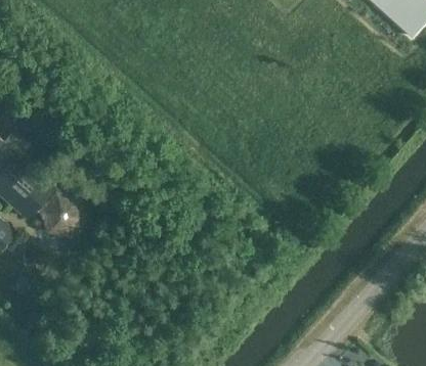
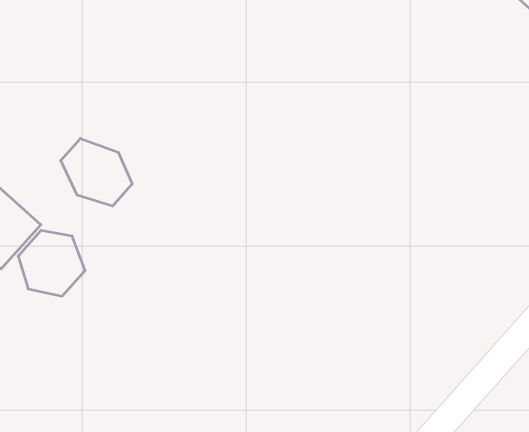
building: none -> [61,138,132,206]

